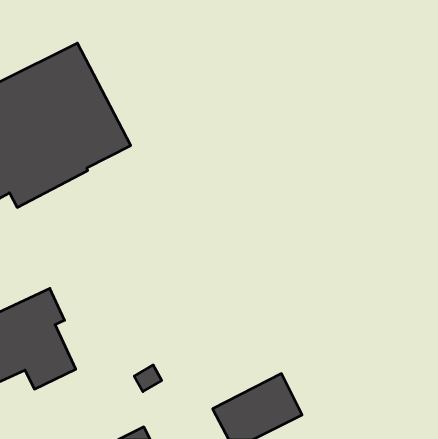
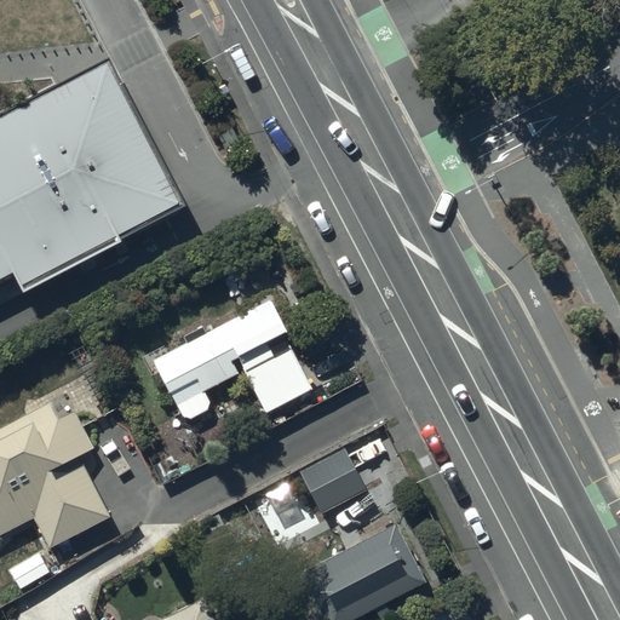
building: none -> [153,299,309,414]
building: none -> [298,450,364,517]

